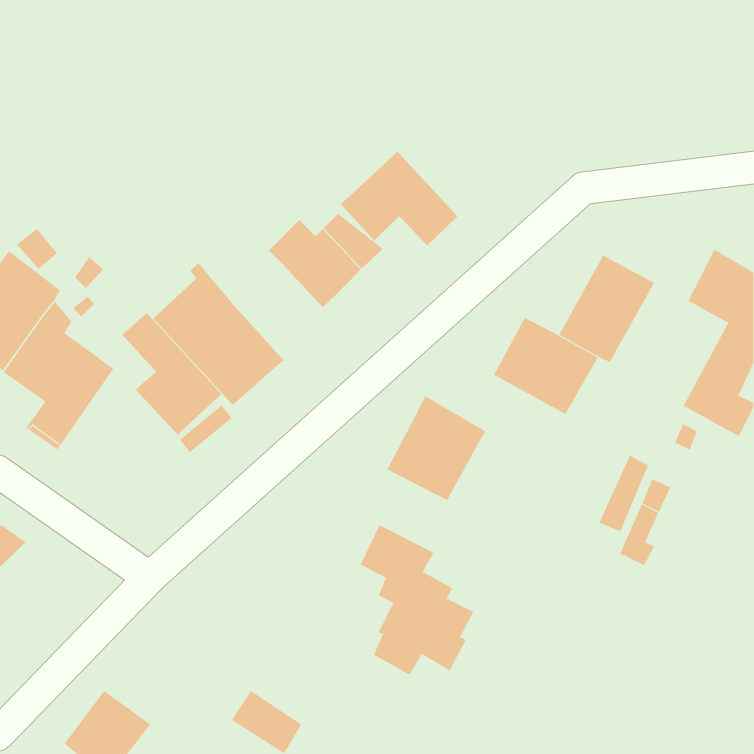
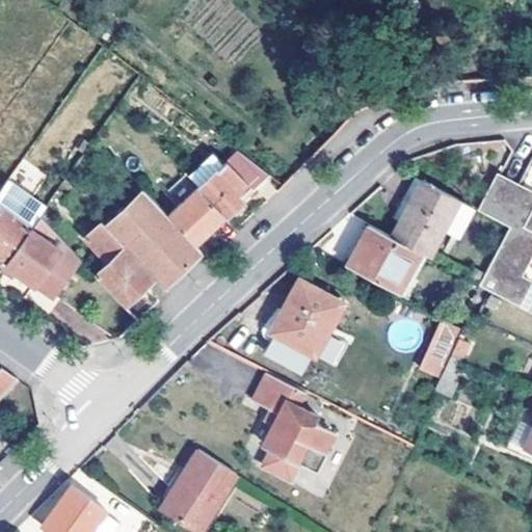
building: [340,151,458,247] -> none
building: none -> [167,188,227,249]
building: none -> [176,449,236,510]

